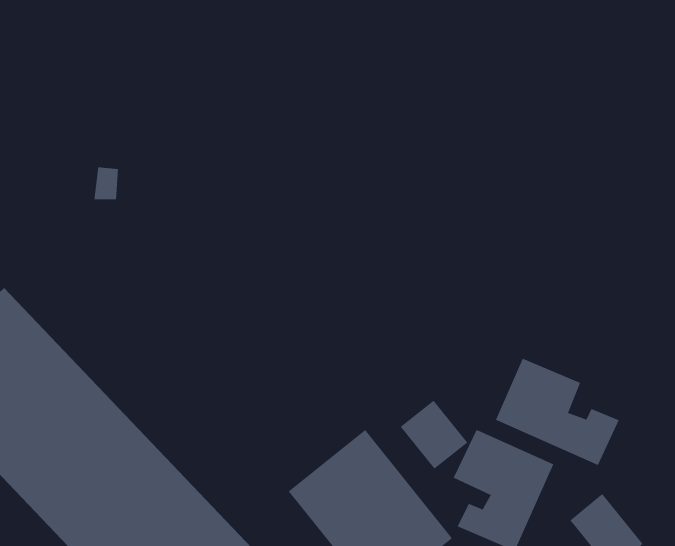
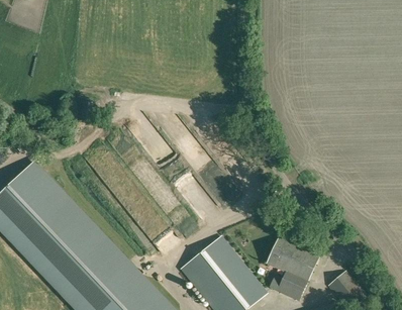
building: [495,358,619,466] -> none
building: [400,400,468,469] -> none

